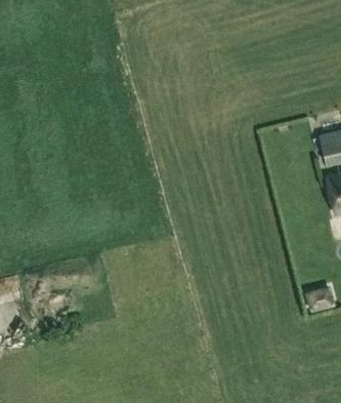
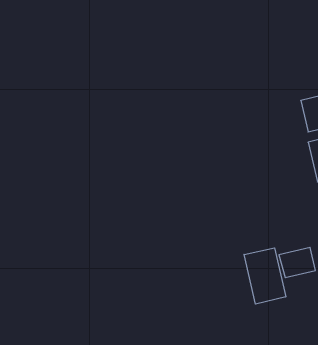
building: none -> [244,248,286,304]

